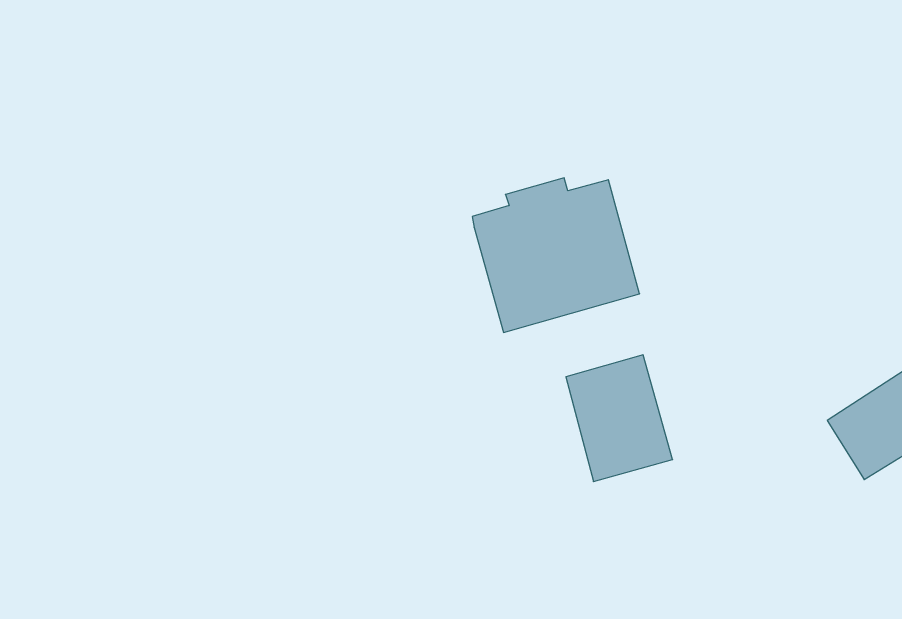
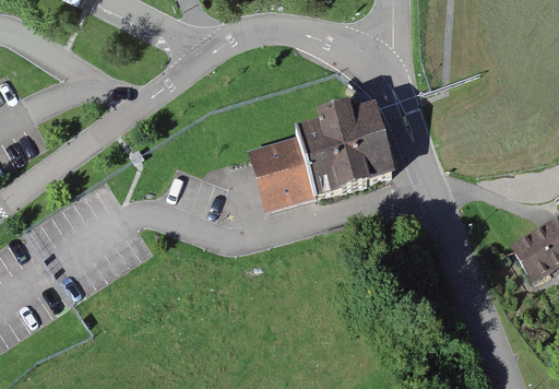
building: [566,355,673,482] -> [251,139,314,214]

